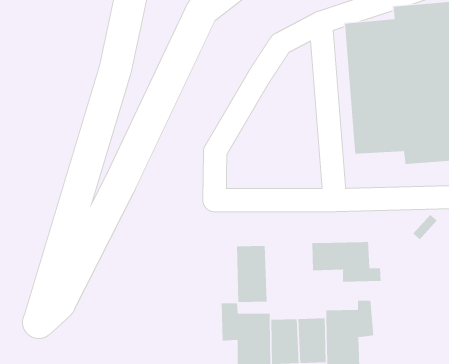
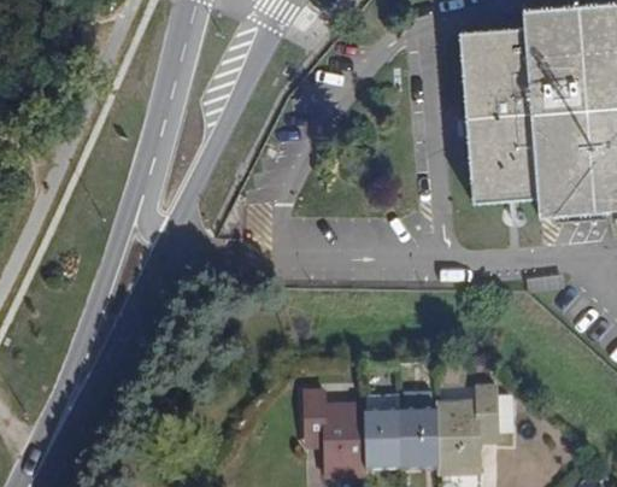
building: [312,241,381,282] -> none
building: [237,245,267,303] -> none

